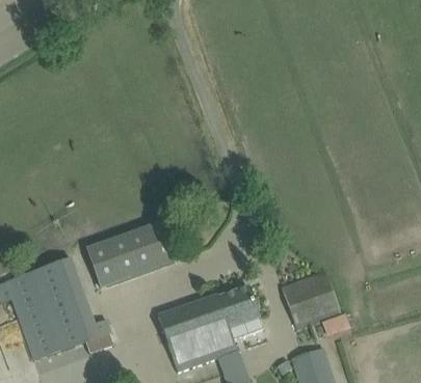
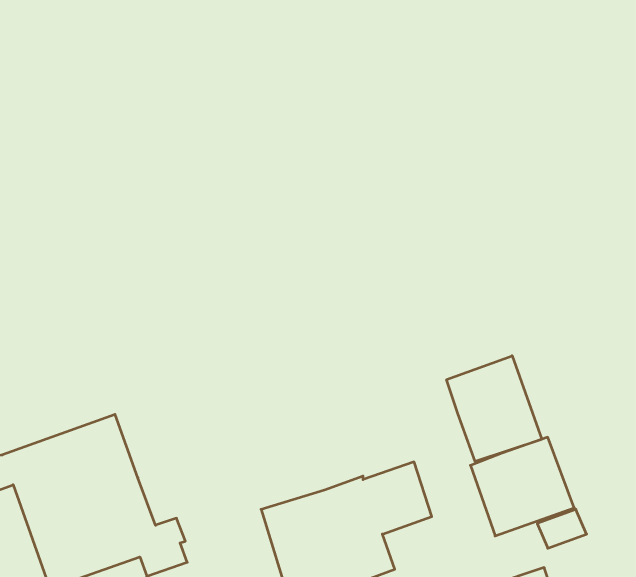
building: [86,220,178,289] -> none
building: none -> [447,356,542,462]

